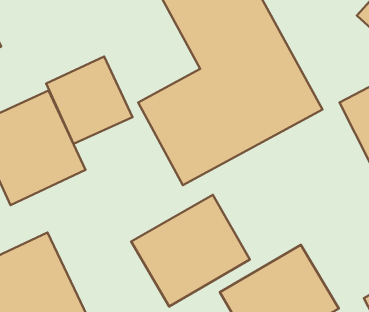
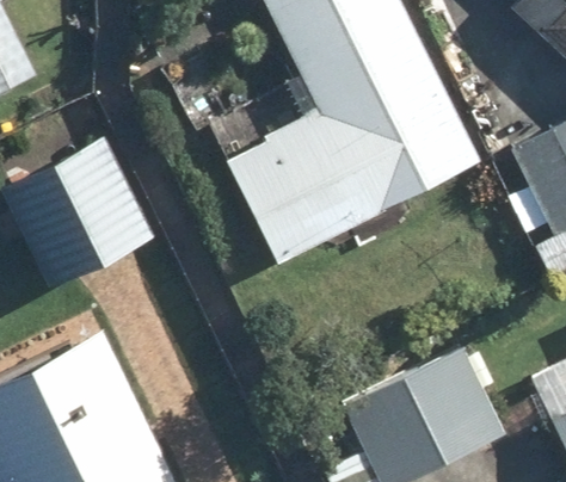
building: [46,56,132,144] -> none
building: [131,195,250,307] -> none

